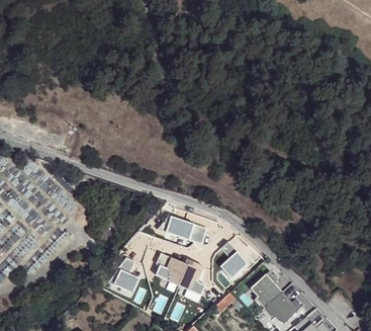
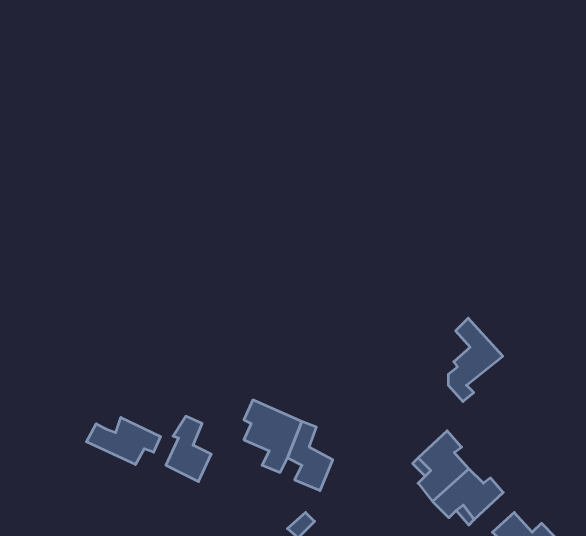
building: [166,216,207,244] -> none
building: [217,241,248,287] -> [448,318,503,402]
building: none -> [86,417,161,465]

